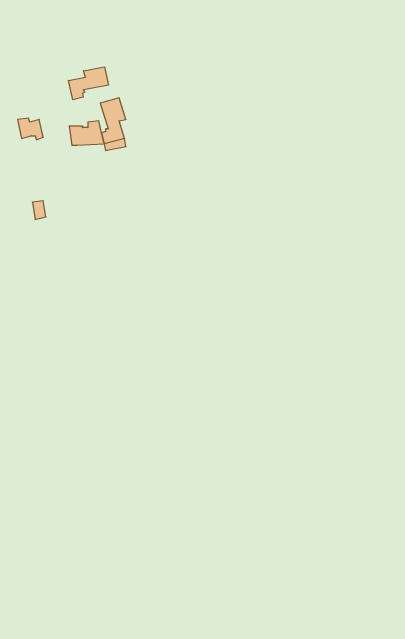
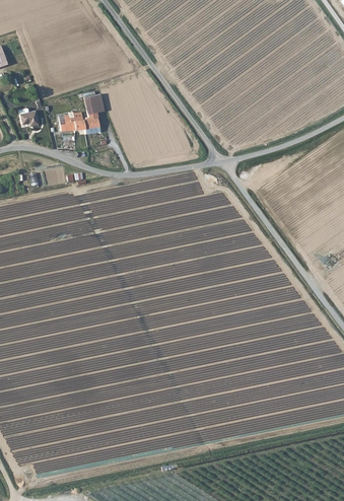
building: [68,67,108,100] -> none

